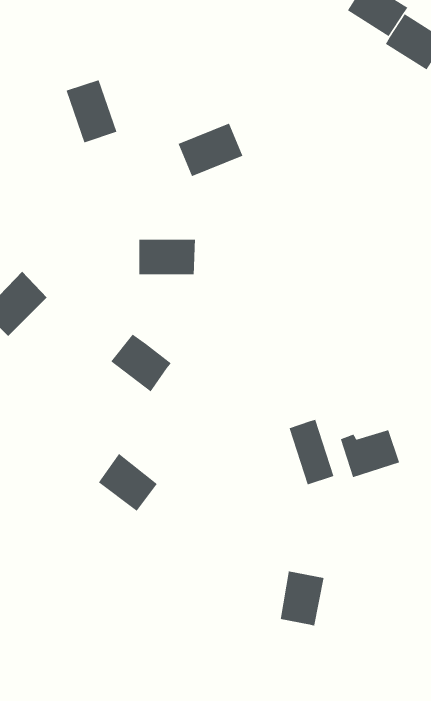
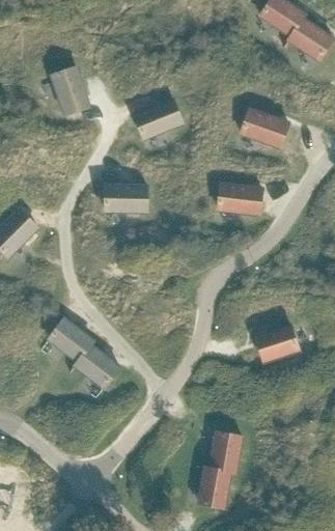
building: none -> [241,108,288,147]
building: none -> [217,183,261,215]
building: [110,334,172,392] -> [48,317,93,361]
building: [289,419,335,485] -> none
building: none -> [198,466,231,507]

